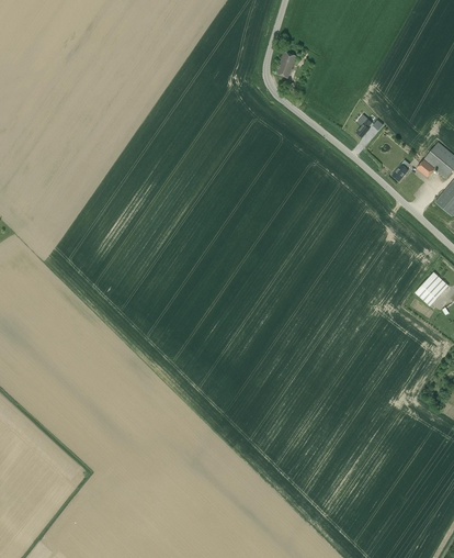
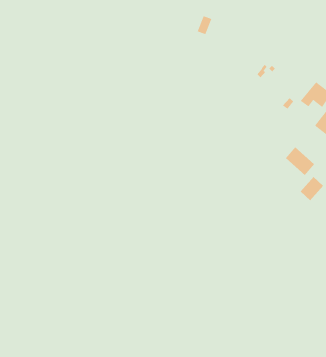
building: none -> [285,147,315,176]

